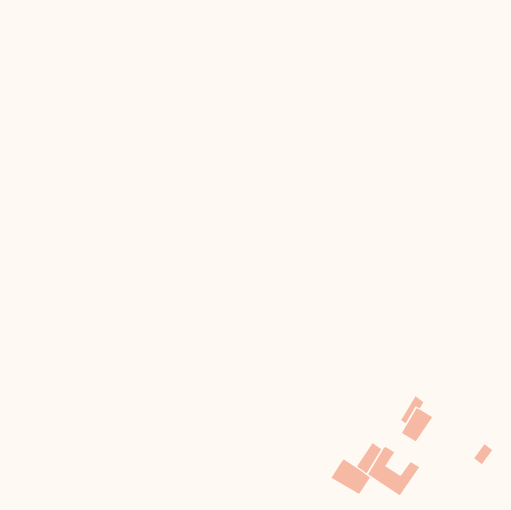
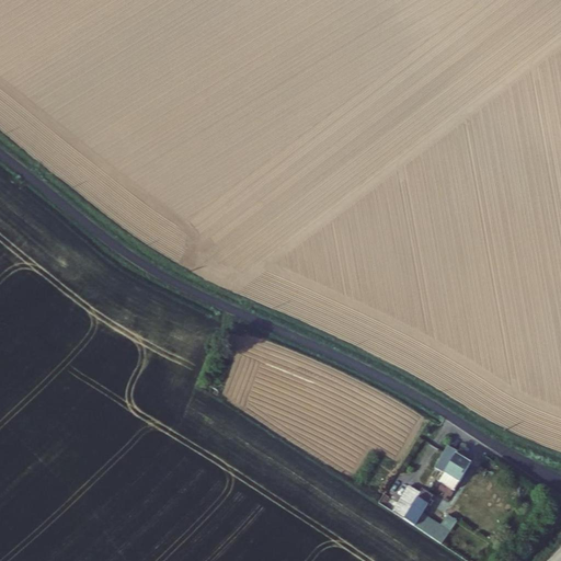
building: [330,458,371,495] -> none

